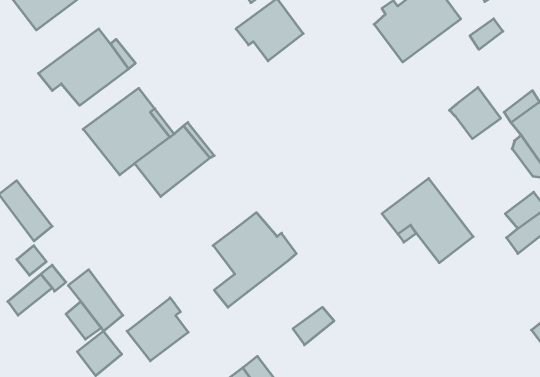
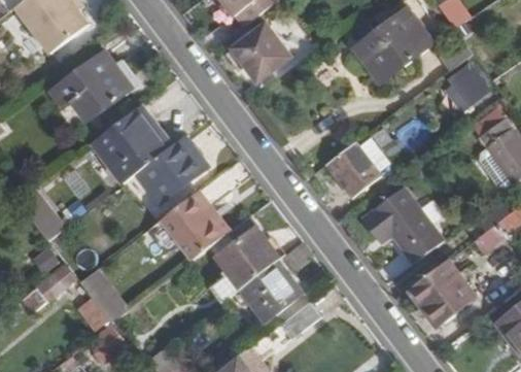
building: [449,87,501,139] -> [442,63,488,109]
building: none -> [329,143,380,195]
building: none -> [163,191,231,259]
building: none -> [410,259,476,325]
building: none -> [241,260,302,322]
building: [127,298,188,361] -> none

